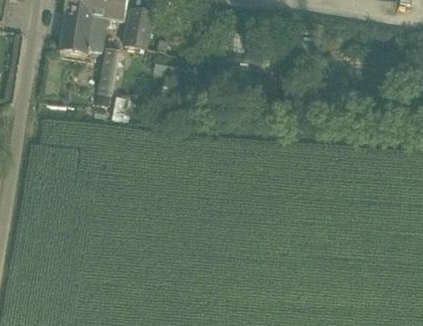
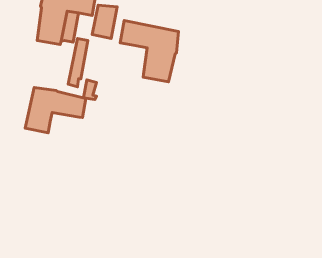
building: none -> [120,21,178,82]
building: none -> [25,88,86,133]

